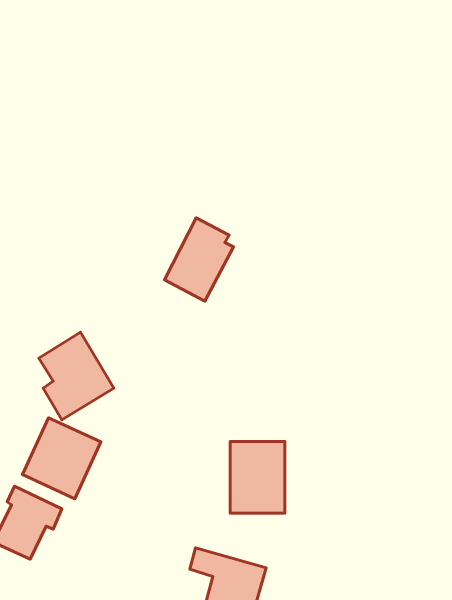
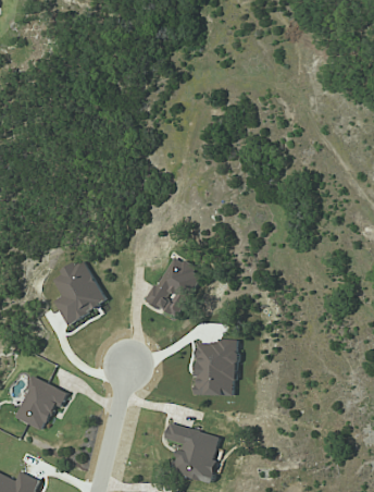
building: [164,218,233,301] -> [147,254,199,317]
building: [22,418,101,499] -> none

